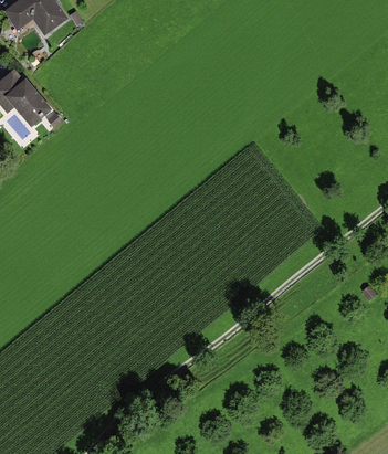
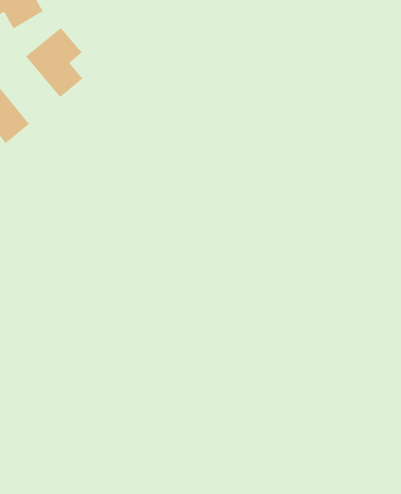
building: none -> [25,27,83,98]

